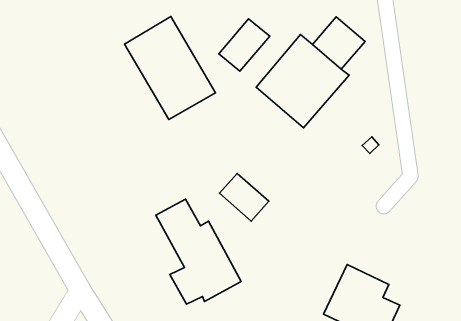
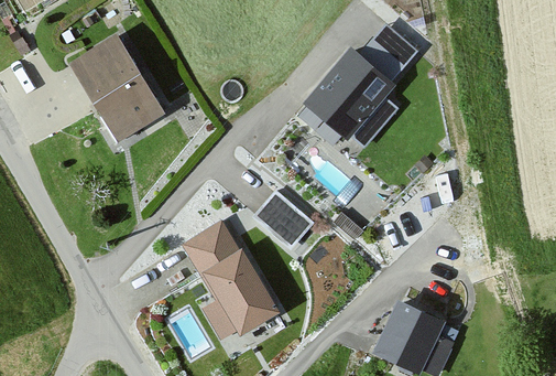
building: [124,16,215,119] -> [67,30,168,144]
building: [219,19,270,71] -> none

